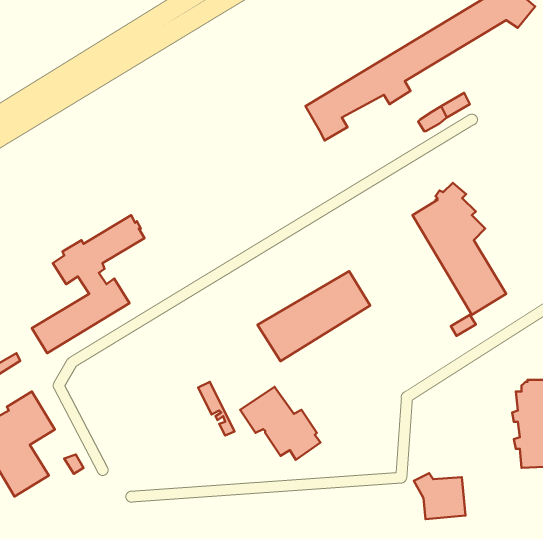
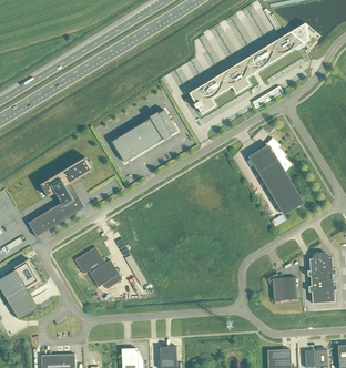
building: [257,271,370,361] -> [111,110,176,162]
building: [240,387,321,460] -> [74,246,121,288]
building: [414,473,466,519] -> [266,274,296,300]

